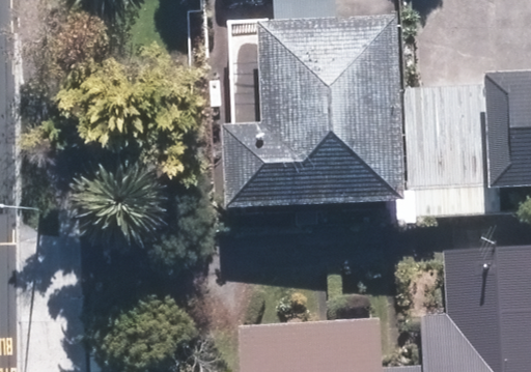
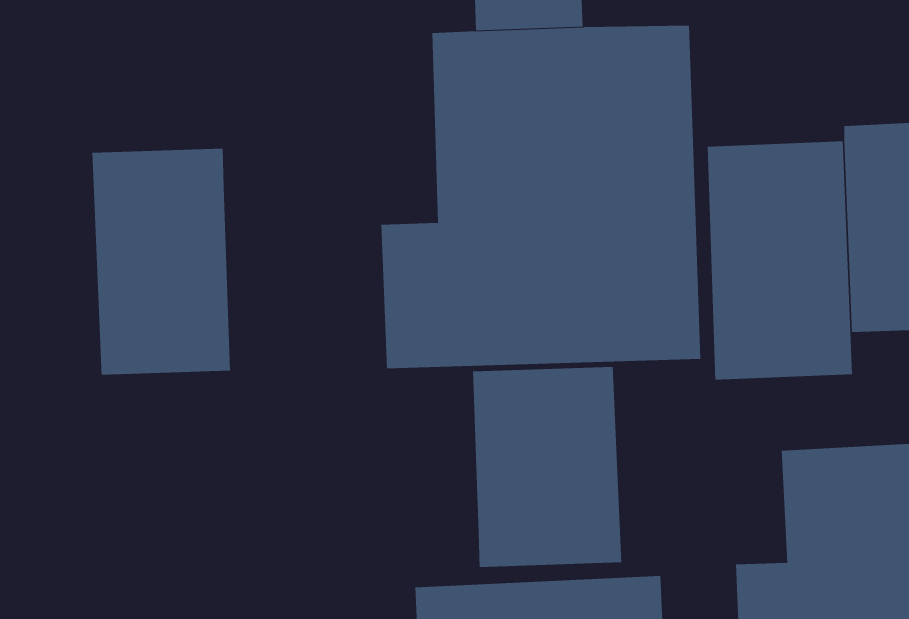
building: none -> [92,148,231,376]
building: none -> [473,366,622,568]

